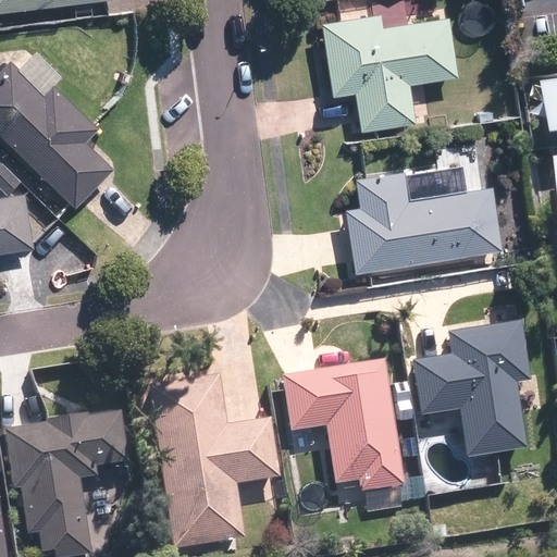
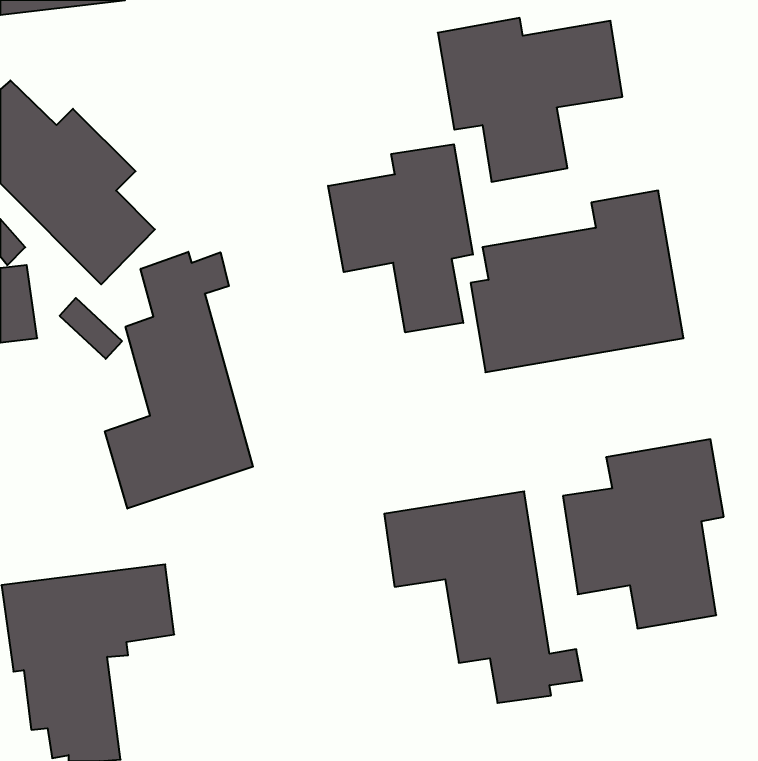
building: none -> [328,144,473,332]
building: none -> [105,252,253,509]
building: [150,376,281,549] -> none

